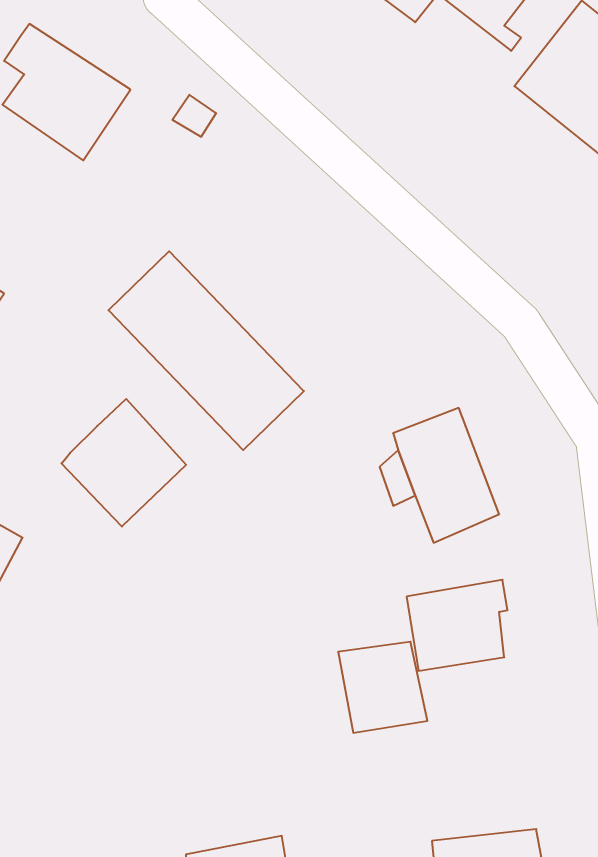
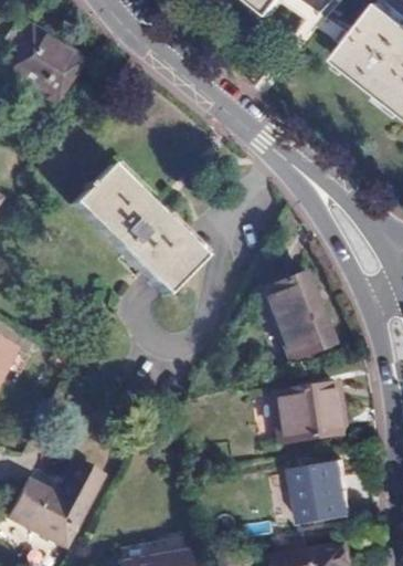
building: [61,399,186,527] -> none
building: [338,642,427,733] -> [291,462,350,522]
building: none -> [13,457,106,541]

